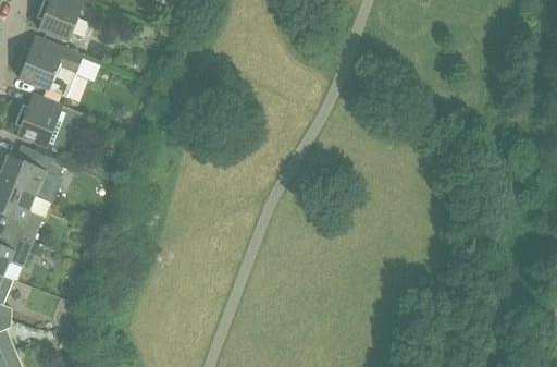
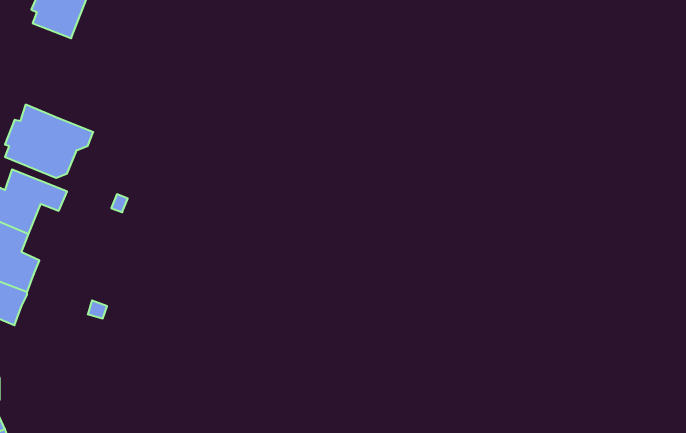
building: [17,38,87,101] -> none

